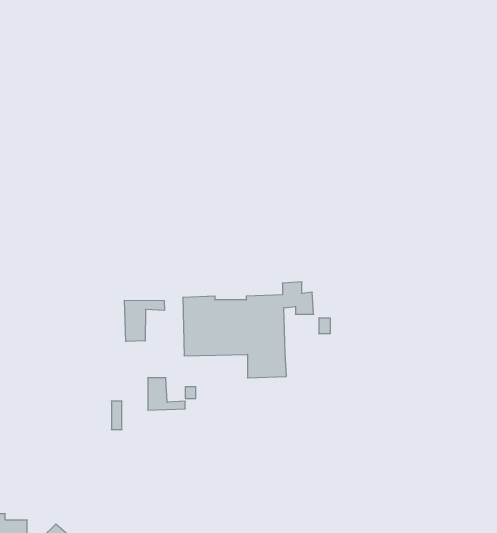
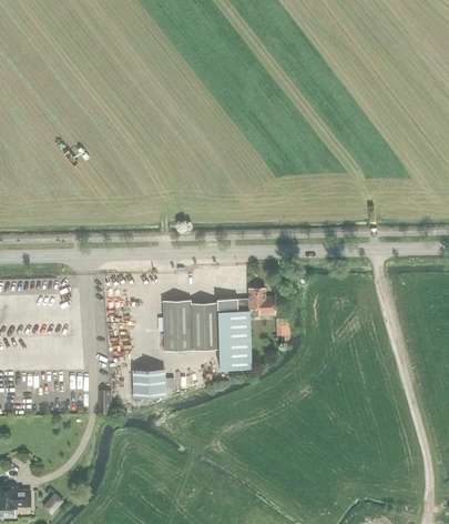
building: [124,300,165,342] -> none

